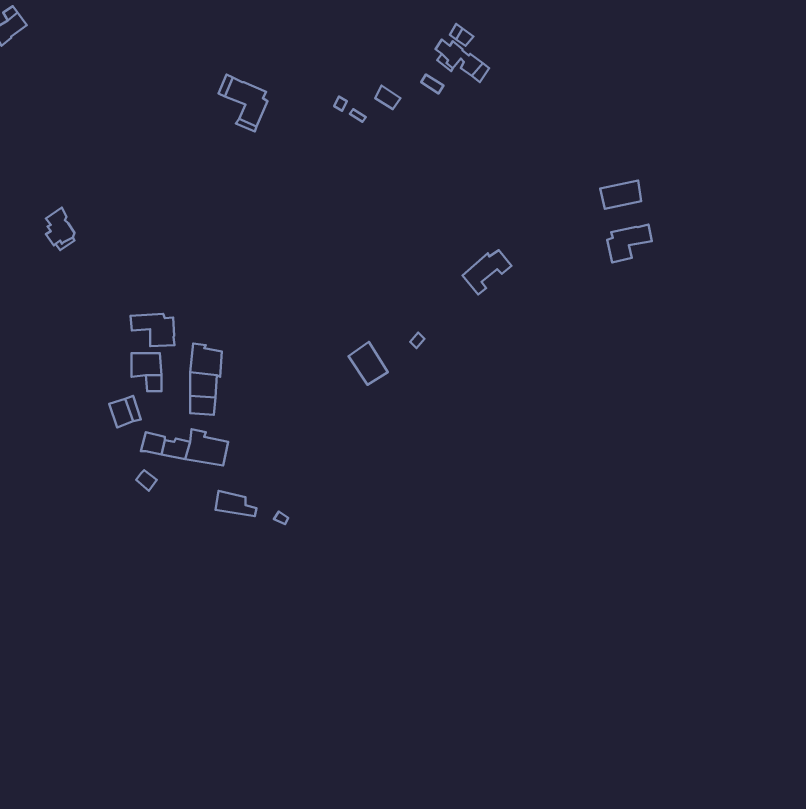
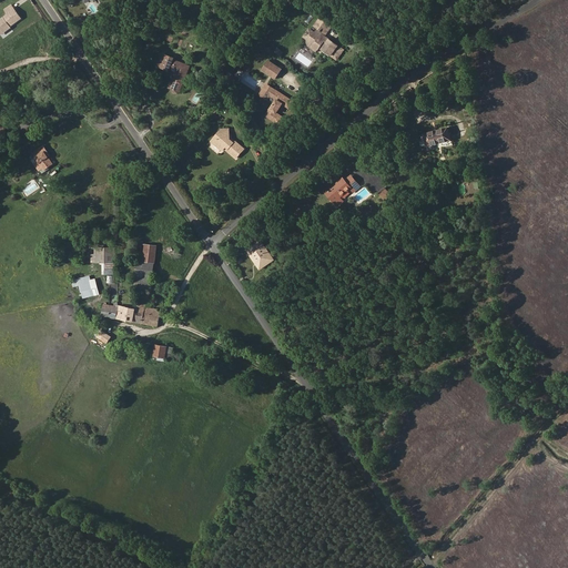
building: none -> [260,82,293,122]
building: none -> [211,129,243,160]
building: [607,224,652,262] -> none
building: [130,314,175,346] -> none

